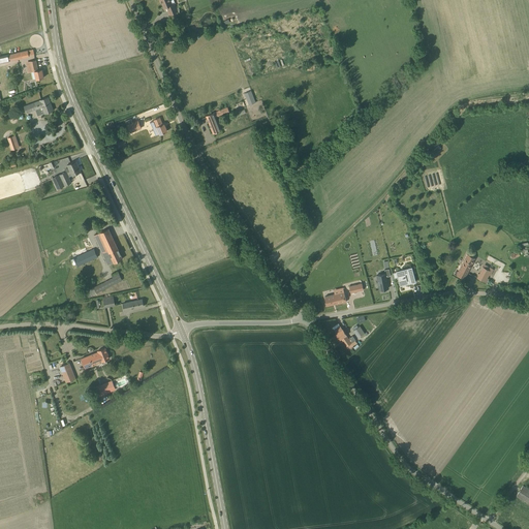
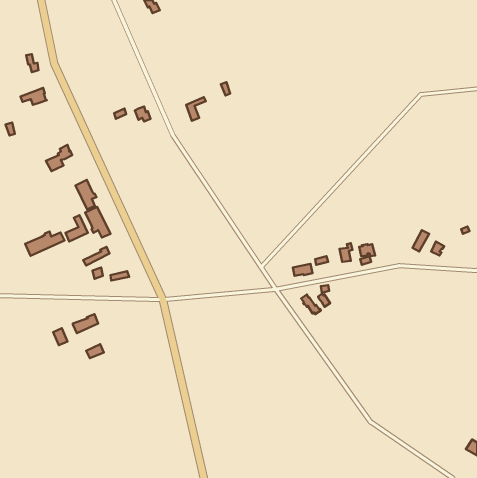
building: none -> [76,180,96,210]
building: none -> [25,232,65,256]

